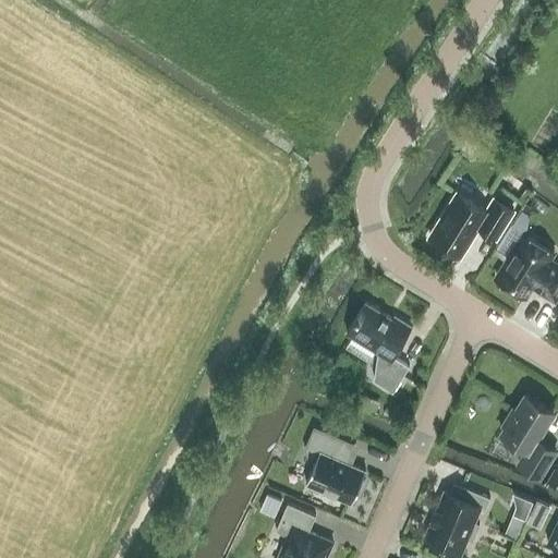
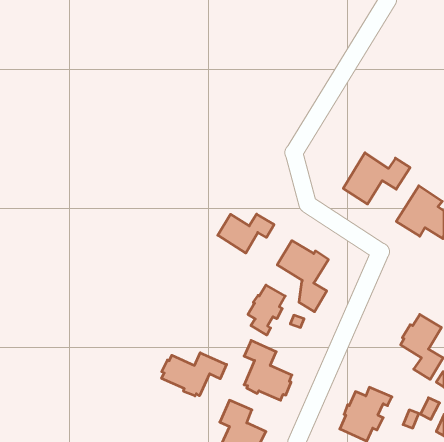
building: none -> [218,214,274,253]
building: none -> [248,285,285,335]
building: none -> [162,353,227,396]

